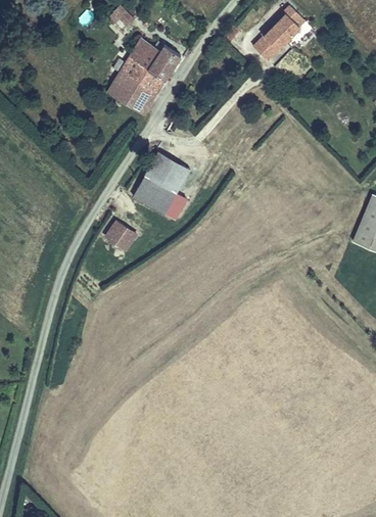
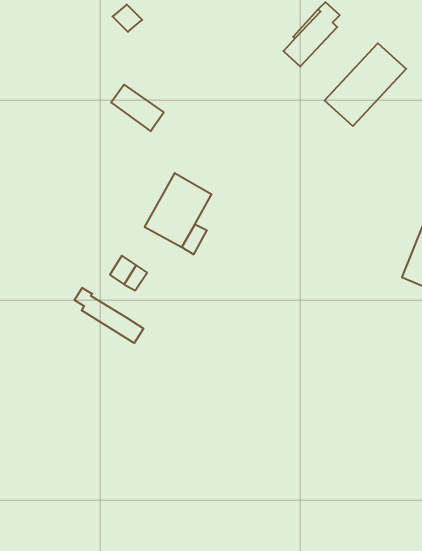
building: none -> [325,43,406,126]
building: [118,41,181,99] -> none
building: none -> [74,288,143,343]

